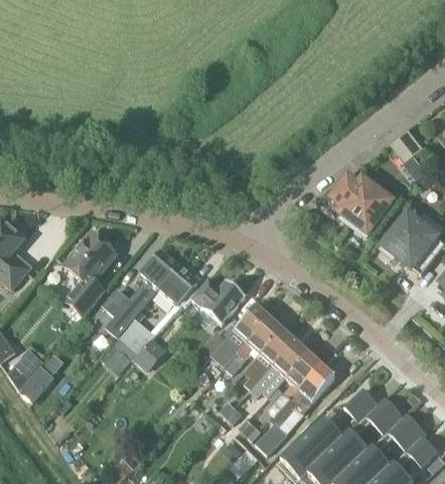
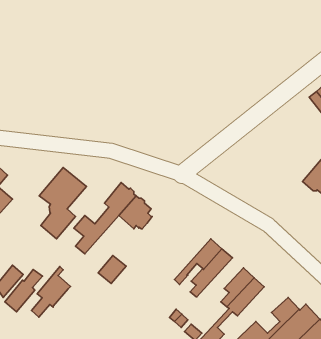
building: [323,176,391,235] -> none
building: [192,275,244,322] -> none
building: [211,304,270,365] -> none
building: [107,309,154,370] -> [31,267,71,317]
building: [250,339,309,394] -> none

